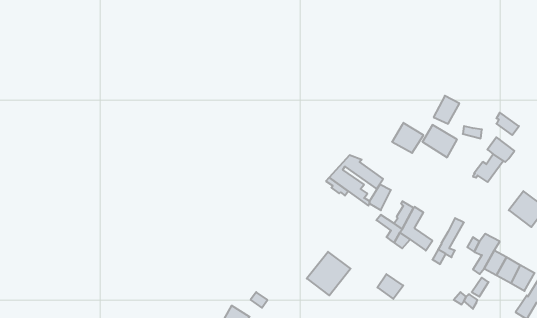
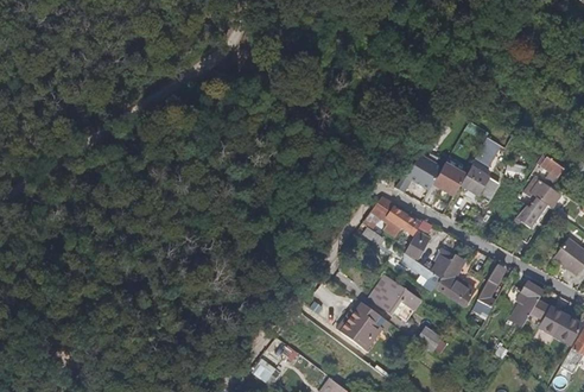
building: none -> [394,154,440,192]
building: none -> [374,278,419,320]

